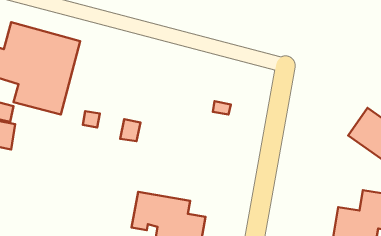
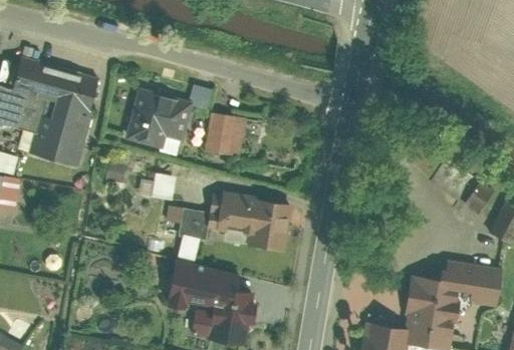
building: none -> [122,83,212,156]
building: none -> [204,111,248,159]
building: none -> [166,188,292,261]

